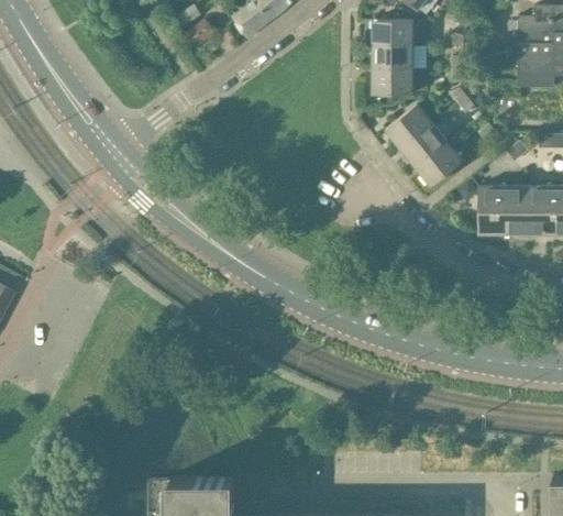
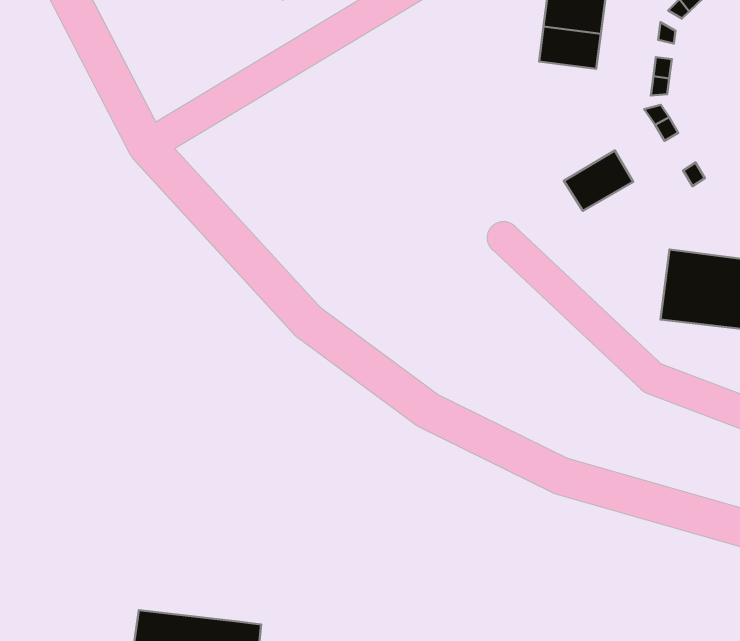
building: [374,70,413,95] -> none
building: [386,106,433,150] -> none
building: [417,144,463,187] -> none

